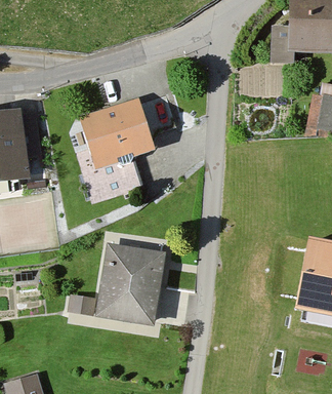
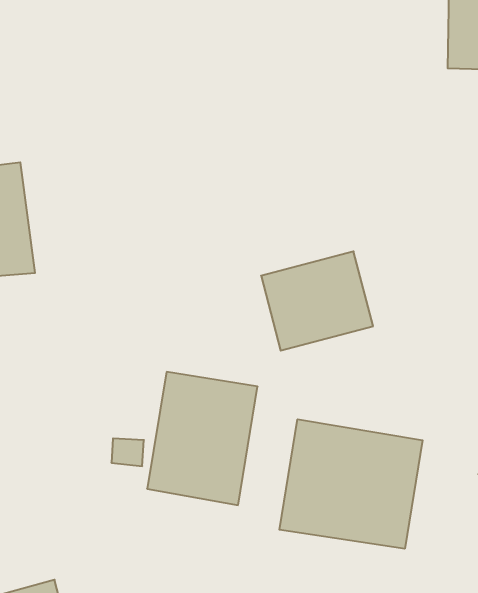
building: [79,100,150,162] -> [261,251,373,351]
building: none -> [279,419,423,549]

